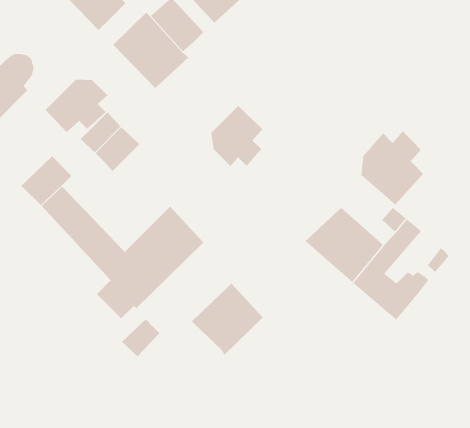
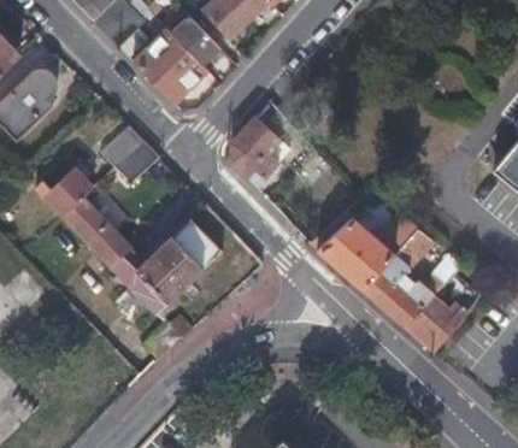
building: [45,79,108,133] -> none
building: [361,130,424,205] -> none
building: [191,283,264,356] -> none
building: none -> [405,297,464,349]

